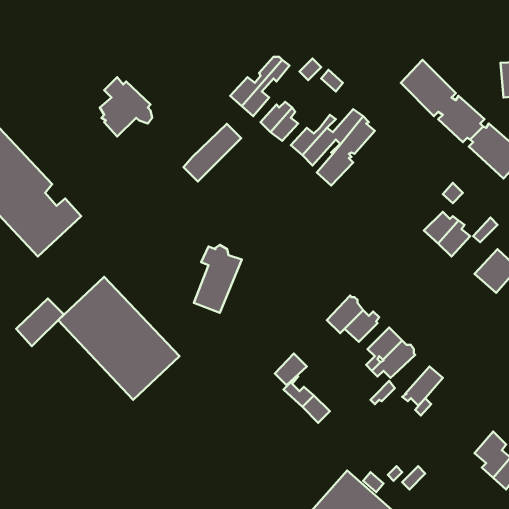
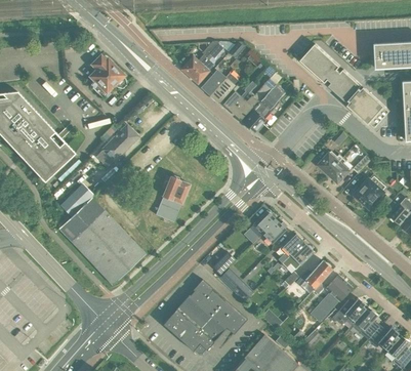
building: [183,124,241,182] -> [96,126,137,167]
building: [16,299,64,346] -> [59,182,93,216]
building: none -> [297,275,352,334]
building: none -> [168,279,247,353]
building: none -> [335,298,368,325]

